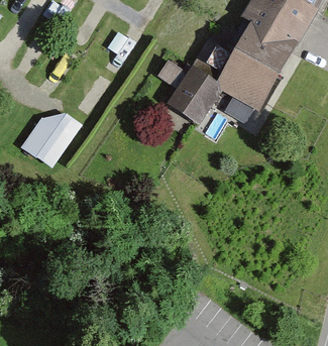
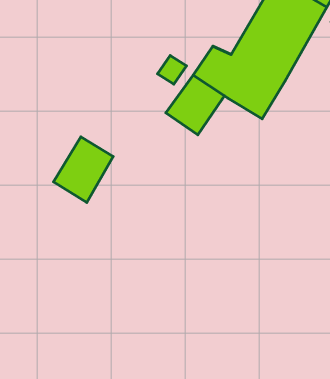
building: [27,104,80,161] -> [53,137,113,202]

